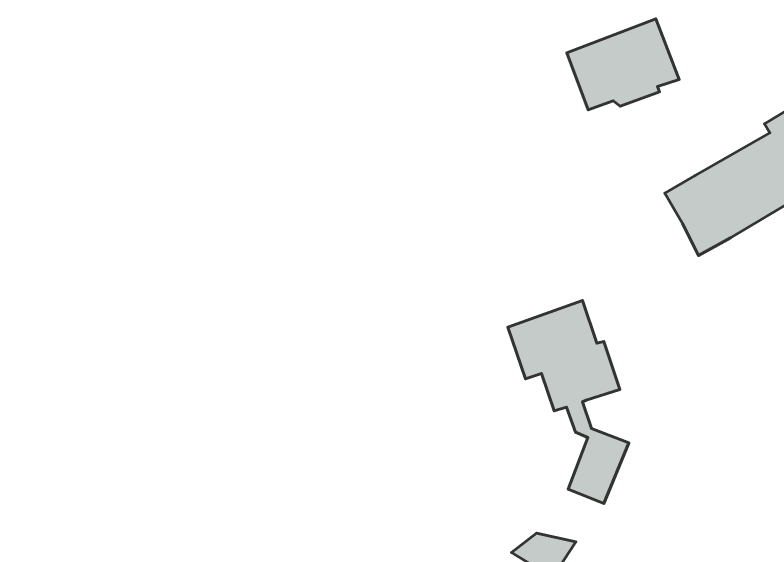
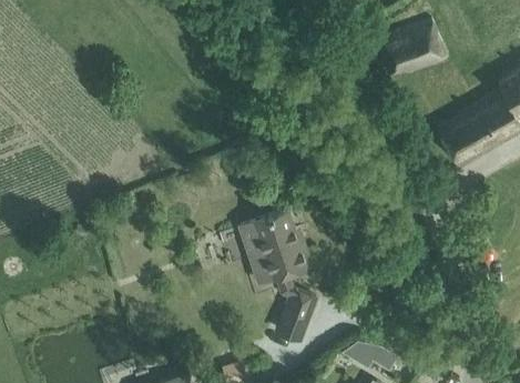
building: [508,301,629,503] -> [241,212,316,339]

